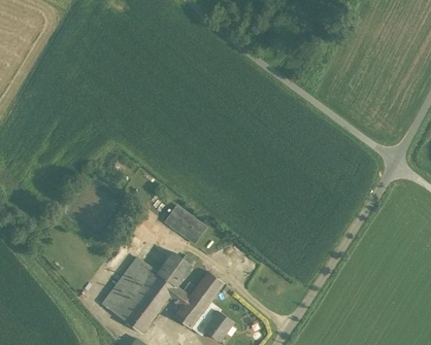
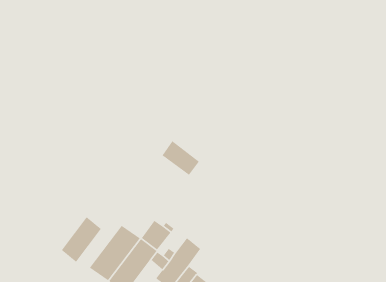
building: [164,205,205,243] -> [161,140,200,176]
building: none -> [61,216,102,263]

